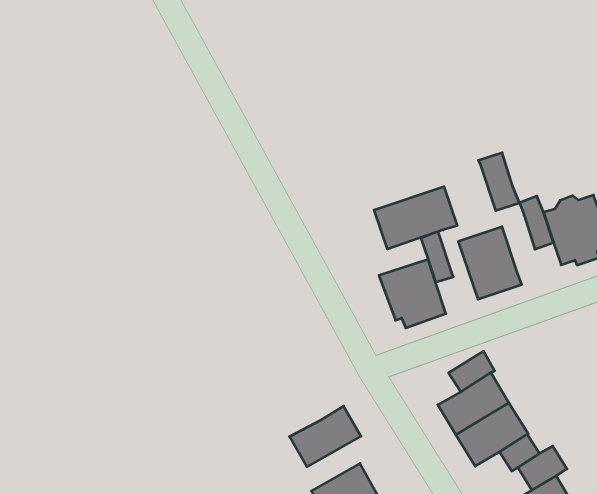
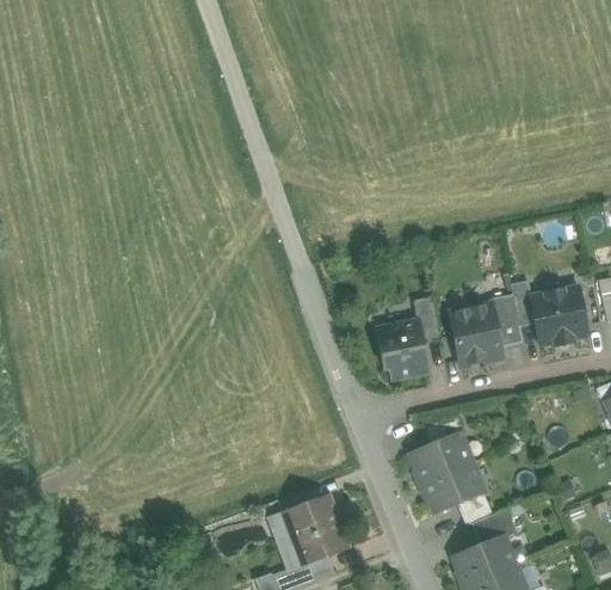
building: [478,153,519,211] -> [490,296,521,348]
building: [374,187,457,249] -> none
building: [289,406,361,467] -> none

